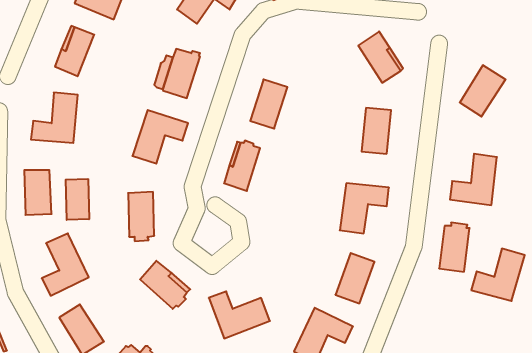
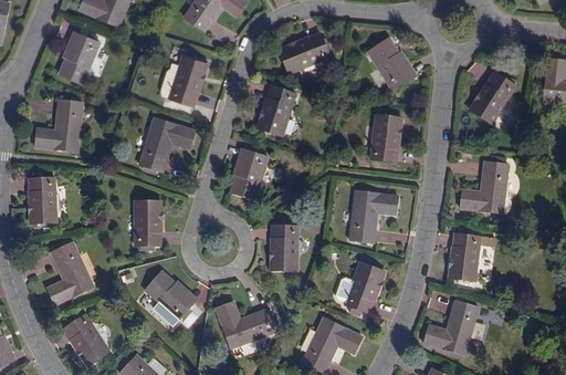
building: none -> [279,33,329,74]
building: [66,179,89,220] -> none
building: none -> [272,226,297,270]
building: [471,249,525,301] -> [423,301,478,354]

